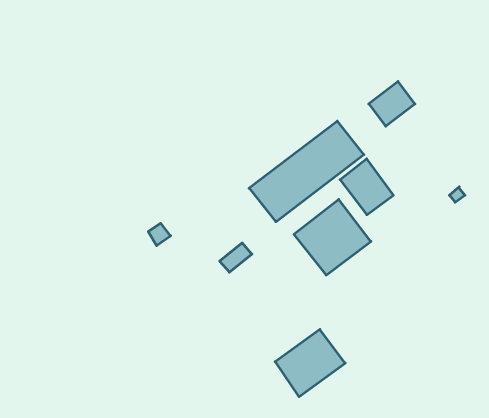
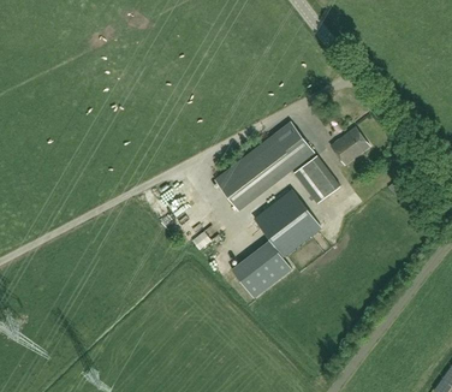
building: [369,81,415,126] -> [331,126,370,165]
building: [275,329,345,397] -> [231,239,291,297]

